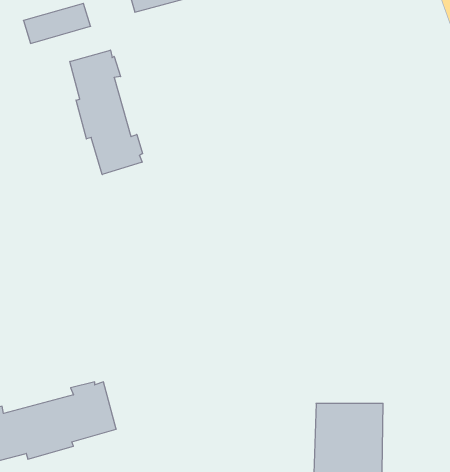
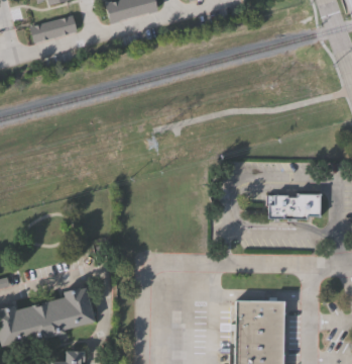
building: [70,50,143,175] -> none
building: none -> [268,192,322,217]

